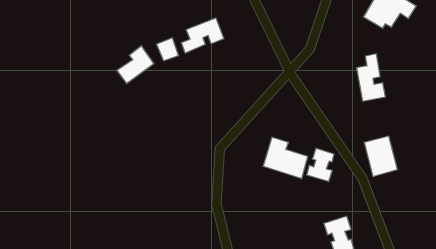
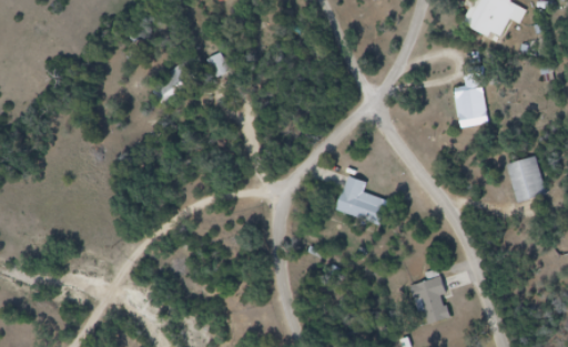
building: [182,18,224,53] -> none
building: [364,136,397,177] -> [505,157,547,208]
building: [307,148,334,182] -> none

